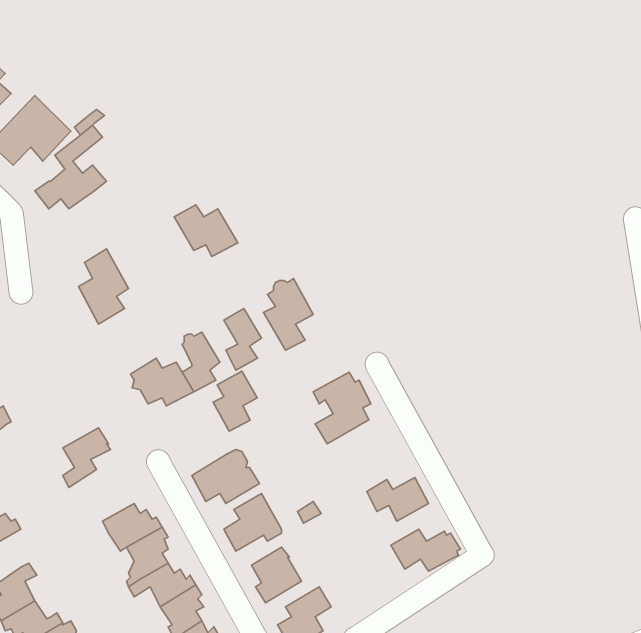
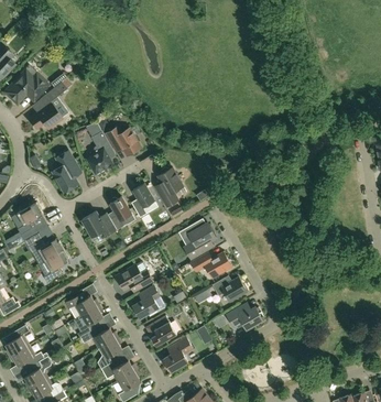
building: none -> [87,132,116,174]
building: none -> [17,203,43,235]
building: [213,371,257,431] -> none
building: none -> [25,232,64,261]
building: none -> [190,252,232,279]

